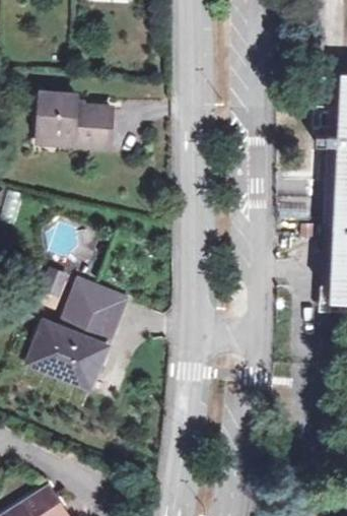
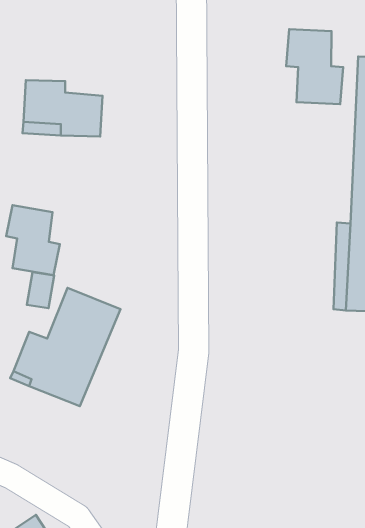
building: none -> [286,29,343,104]
building: none -> [6,205,60,275]

